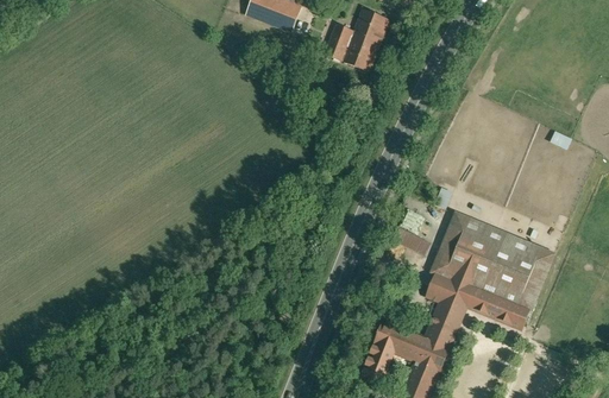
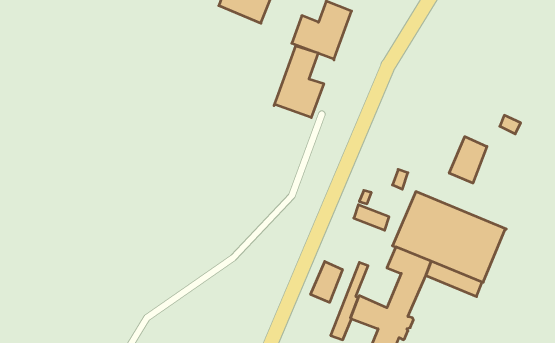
building: none -> [274,46,324,118]
building: none -> [449,137,487,183]
building: none -> [311,261,342,302]

